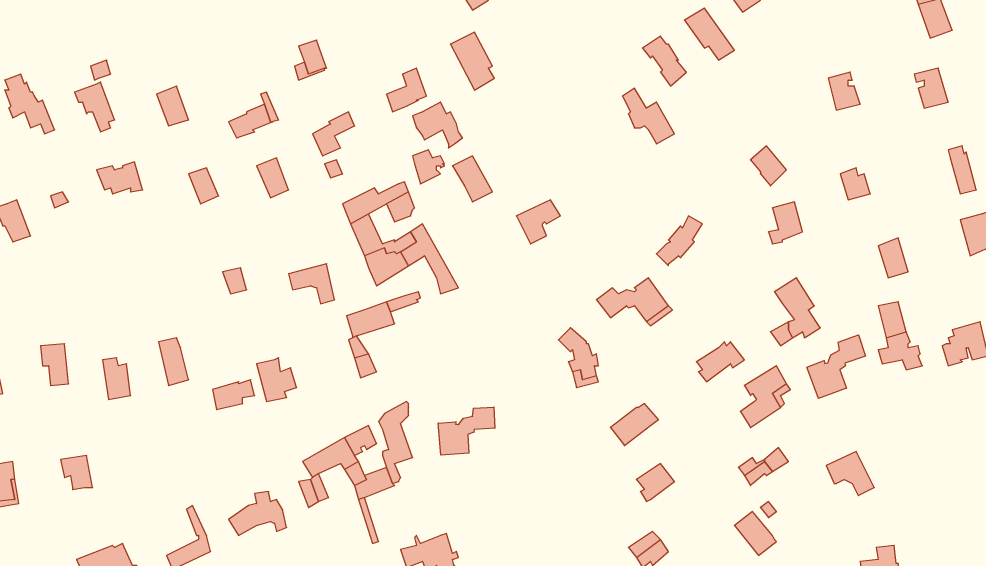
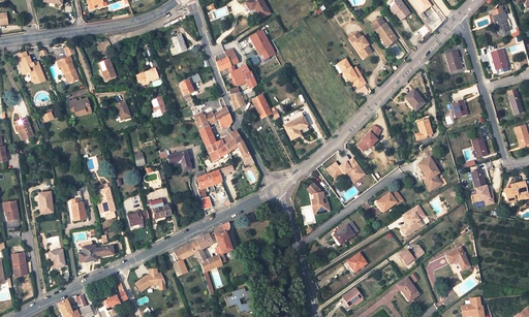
building: [807,335,865,398] -> none
building: [438,407,495,455] -> none
building: none -> [77,244,113,261]

